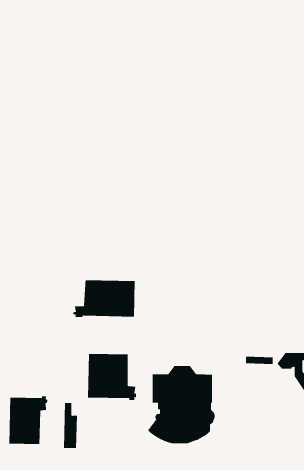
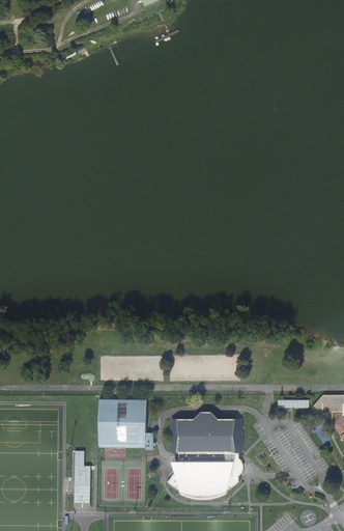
building: [73,279,135,318] -> none
building: [9,395,48,445] -> none

